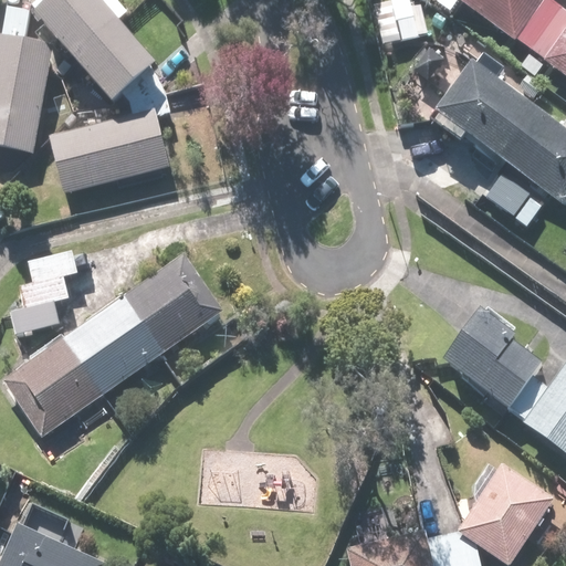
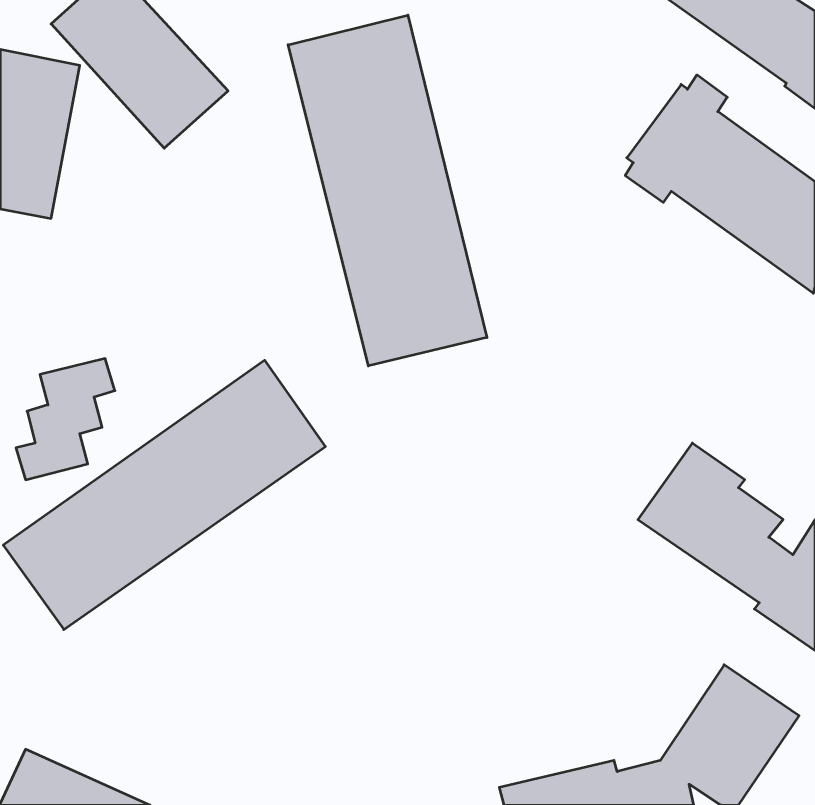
building: none -> [288,15,487,366]
building: [49,108,170,192] -> none

